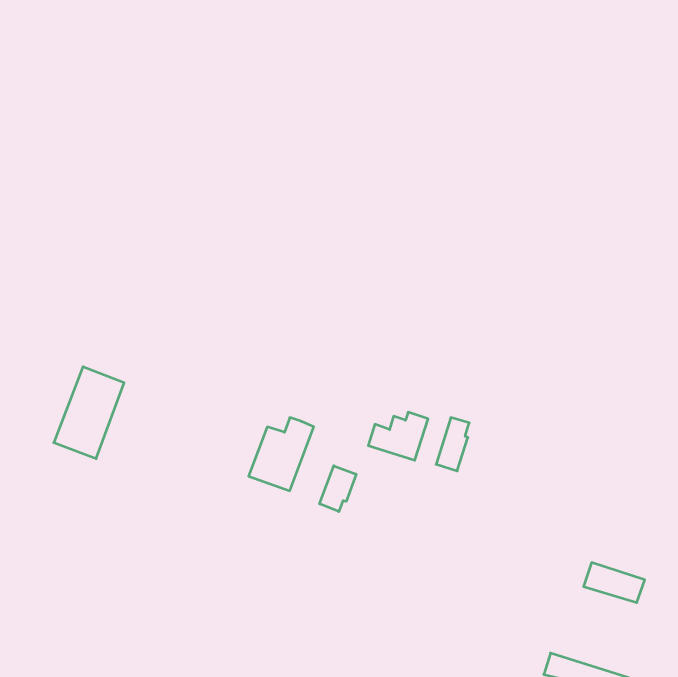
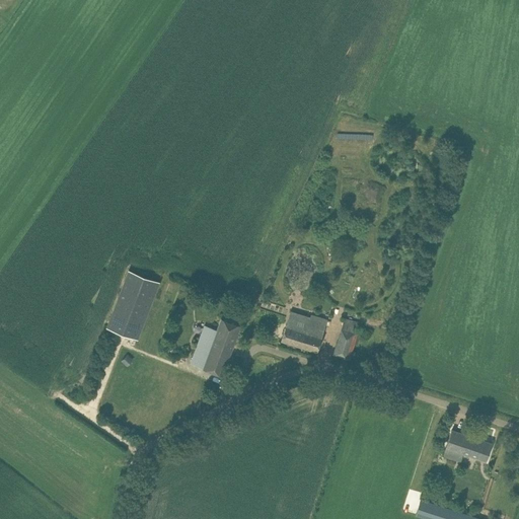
building: [54,367,124,459] -> [105,271,159,341]
building: [320,466,356,512] -> none

